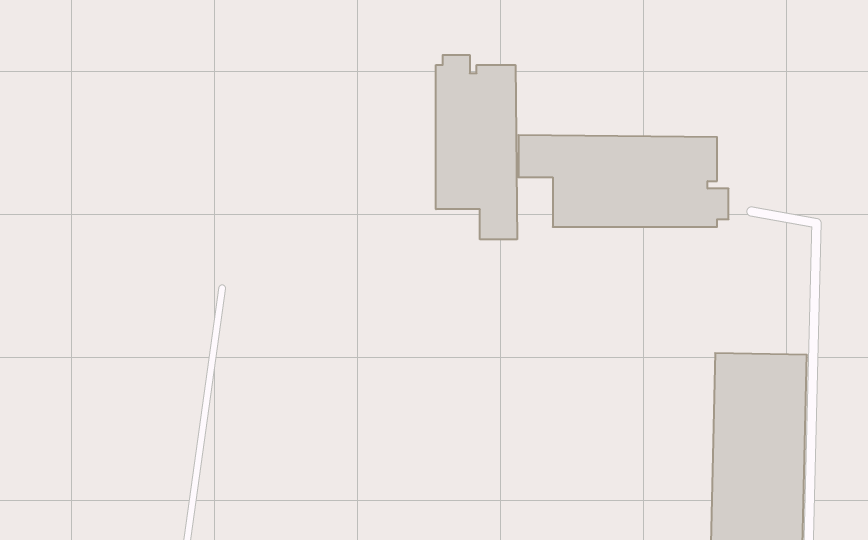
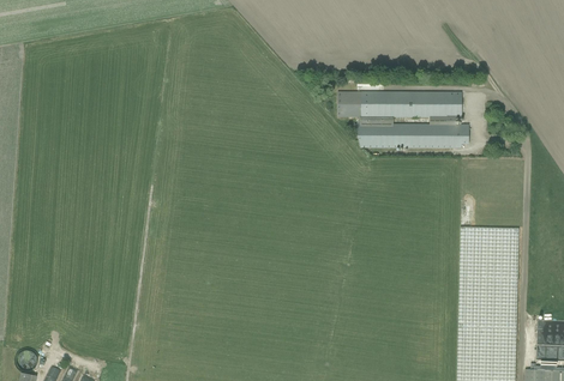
building: [436,55,517,239] -> none

